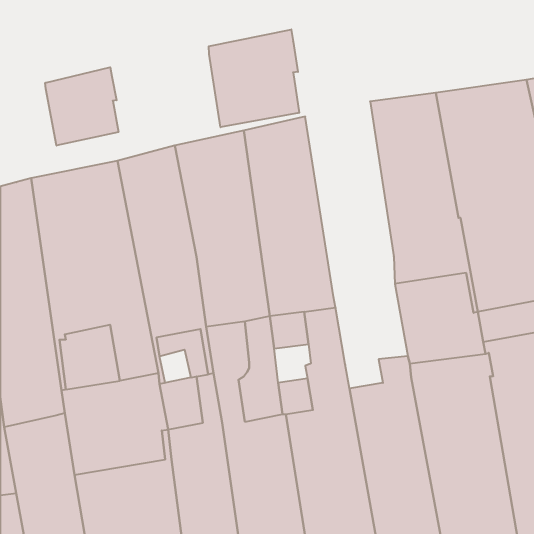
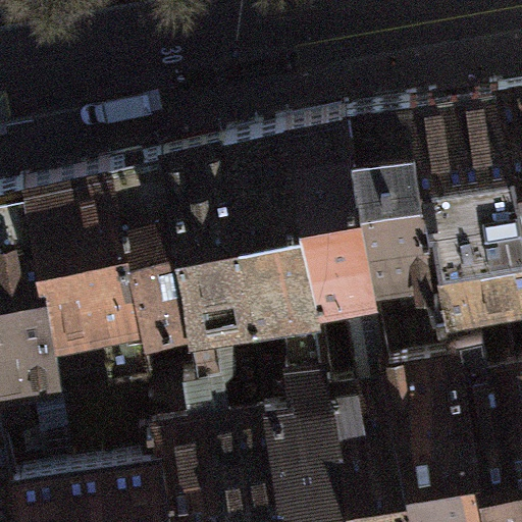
building: [209,29,299,127] -> none
building: [45,67,118,146] -> none
building: none -> [305,112,402,356]

